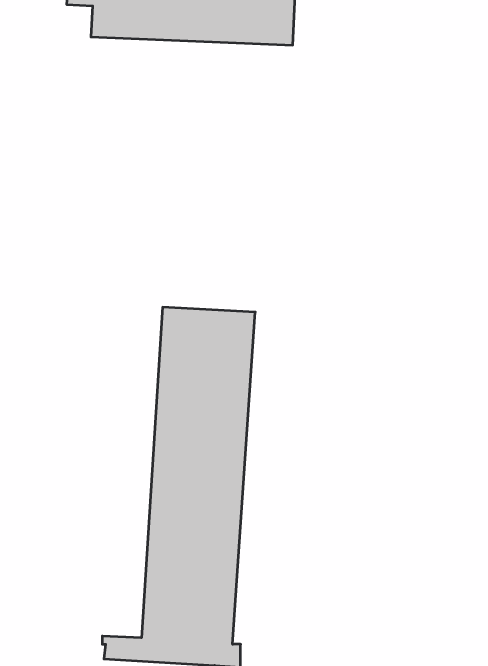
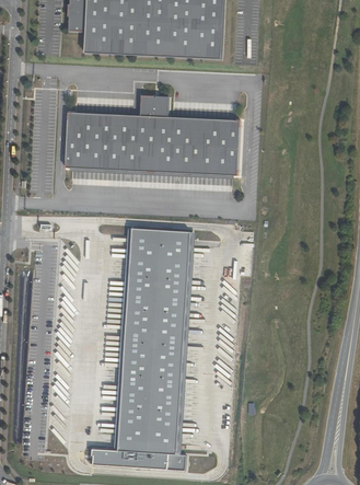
building: none -> [65,94,237,174]

